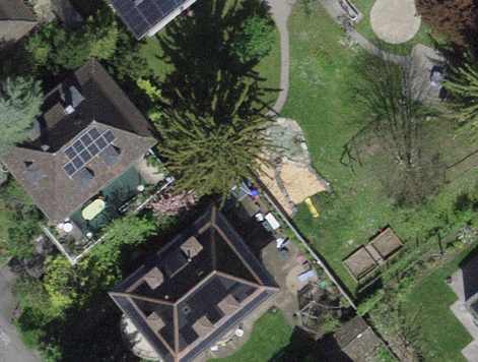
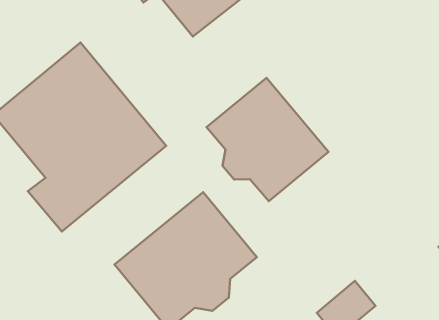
building: none -> [207,78,329,201]

